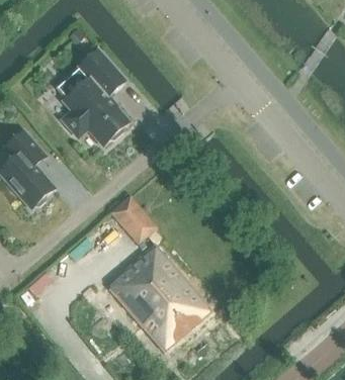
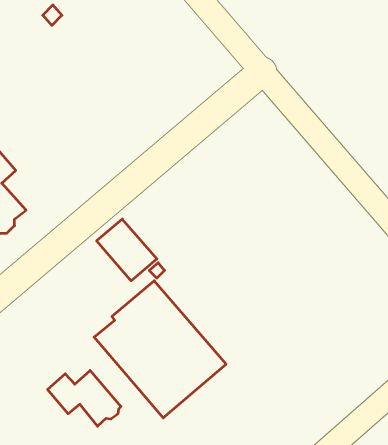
building: [62,49,127,144] -> none
building: none -> [48,370,121,426]

